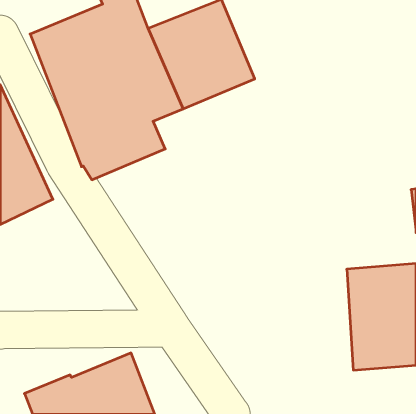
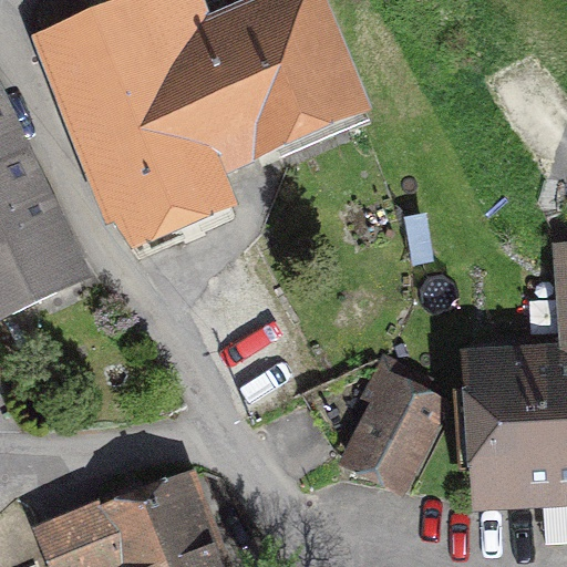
building: none -> [348,362,434,488]

